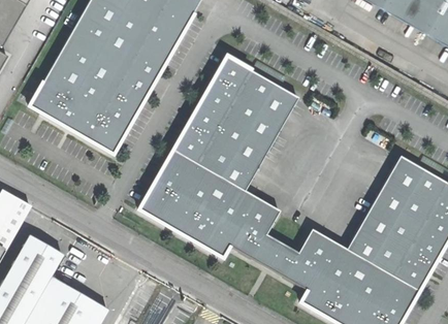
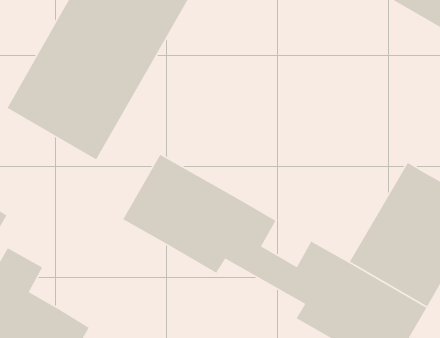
building: [171,55,298,190] -> none

